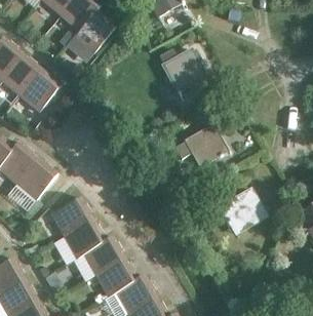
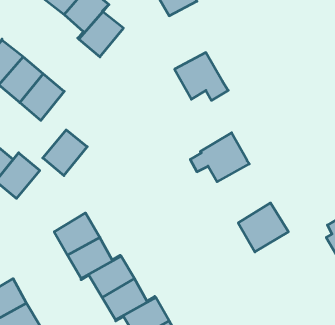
building: [16,159,57,201] -> [43,130,87,176]

